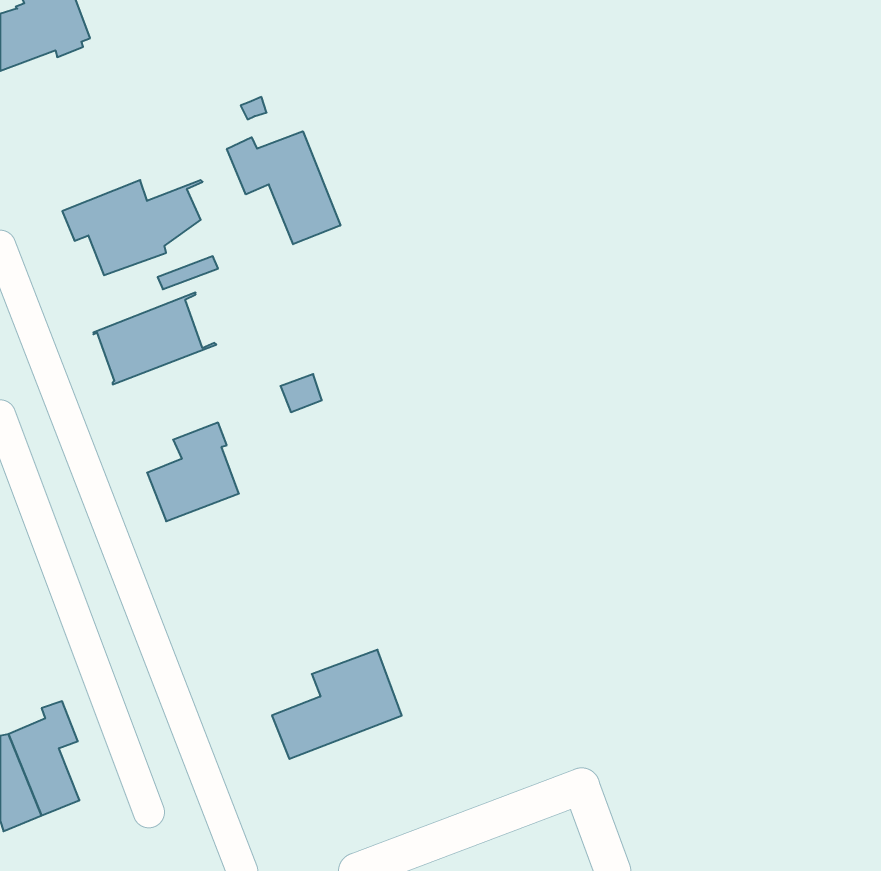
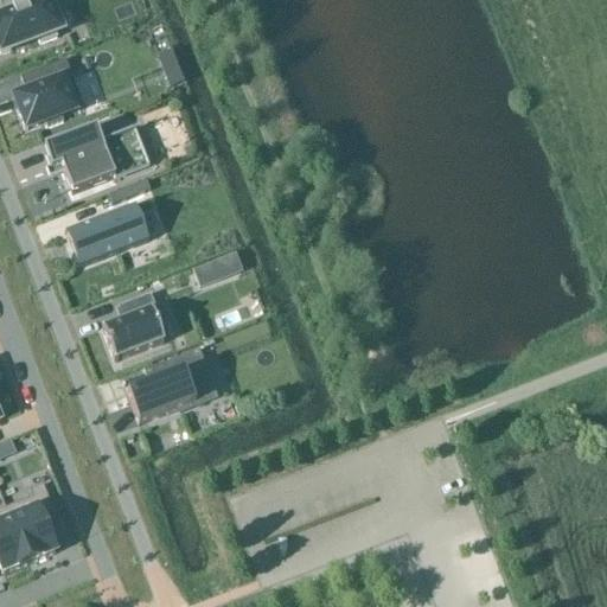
building: none -> [14,55,85,124]
building: [227,131,340,244] -> none
building: [272,650,402,759] -> [128,344,217,418]

